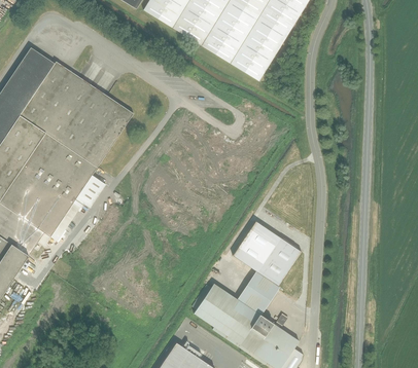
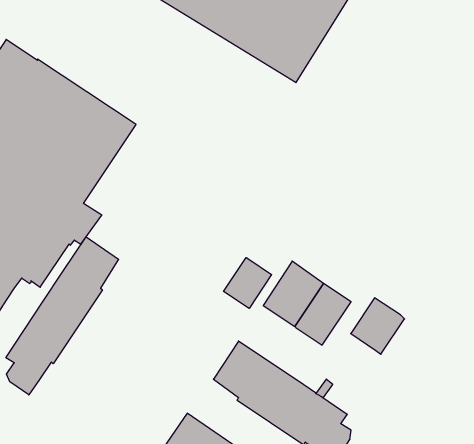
building: none -> [6,237,119,395]
building: none -> [224,258,272,308]
building: [240,272,282,317] -> [351,298,405,354]

